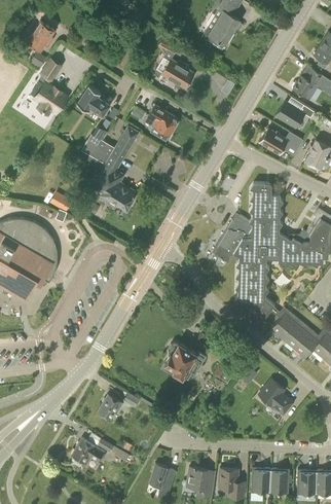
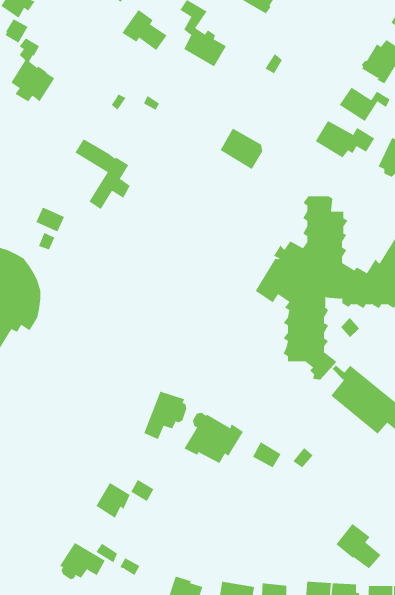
building: [77,85,111,116] -> [121,9,168,51]
building: [146,106,178,137] -> [220,128,263,170]
building: [88,127,139,160] -> none
building: [102,180,135,209] -> none
building: none -> [144,391,187,440]
building: [259,380,293,413] -> [336,523,382,569]

